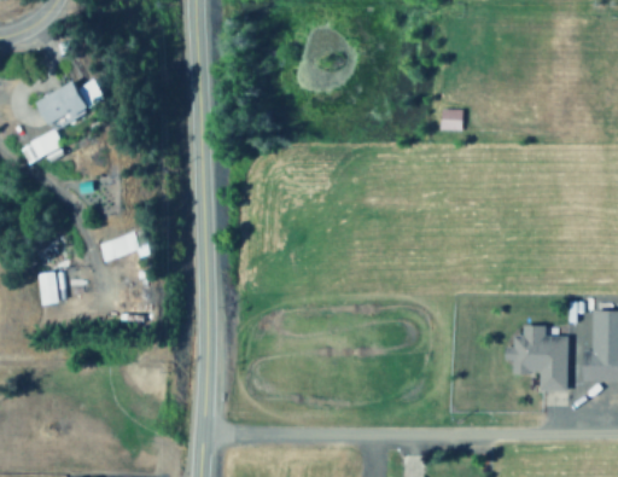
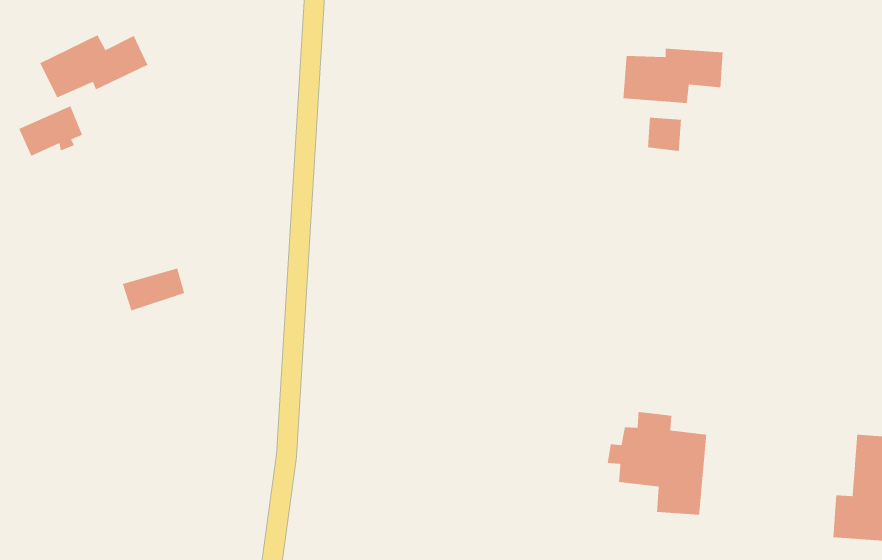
building: none -> [622,48,724,104]
building: [39,272,59,304] -> none
building: [505,324,570,390] -> [607,411,707,516]

